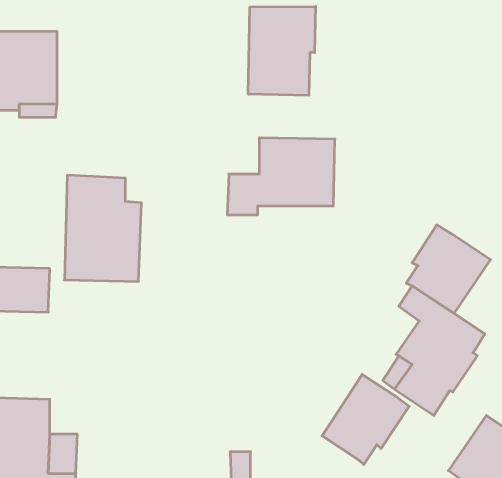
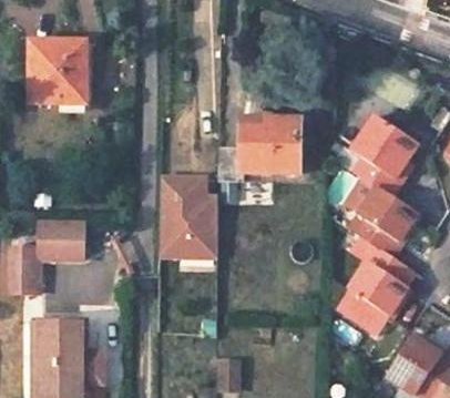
building: [248,6,316,95] -> none
building: none -> [350,114,418,195]
building: [64,175,141,281] -> [160,177,218,258]
building: [322,374,409,465] -> none

